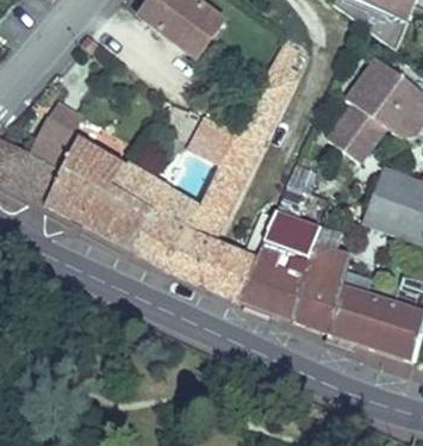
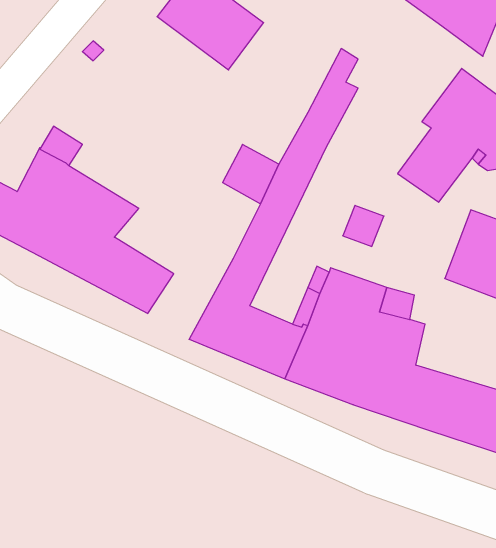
building: [106,165,199,268] -> none

